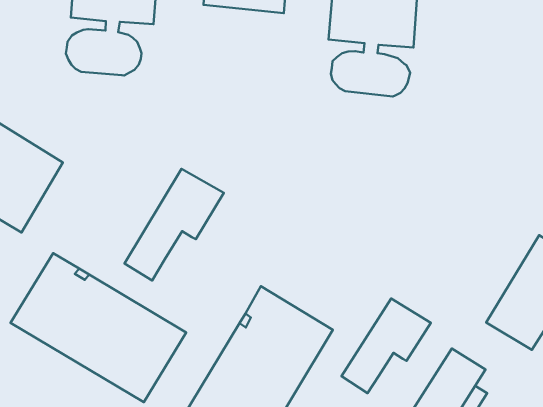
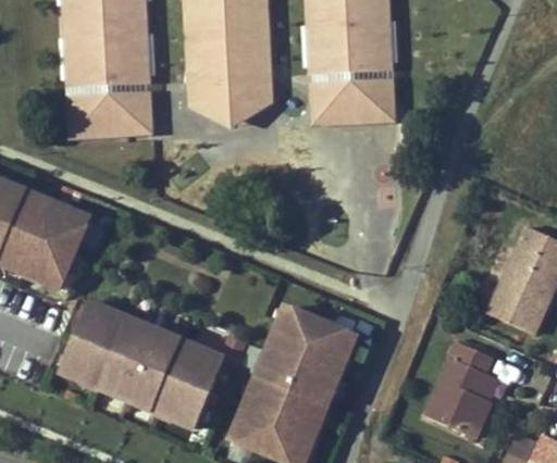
building: none -> [193,53,270,121]
building: [125,169,224,281] -> none
building: [342,298,431,393] -> none

